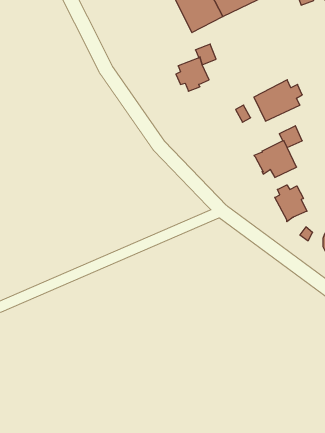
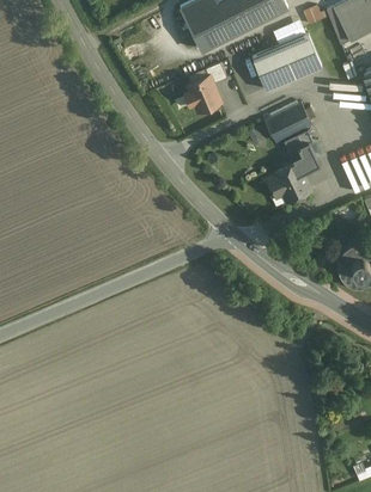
building: none -> [251,33,322,90]
building: [275,185,307,222] -> none

